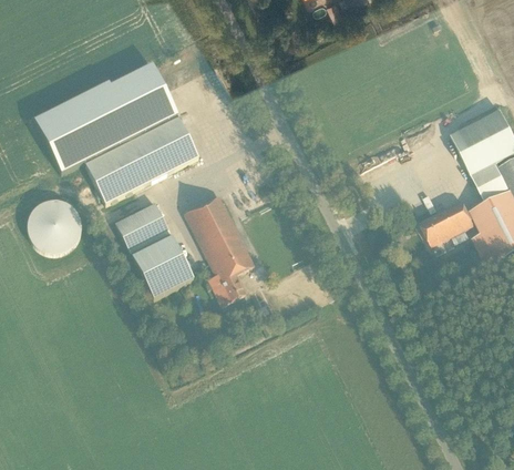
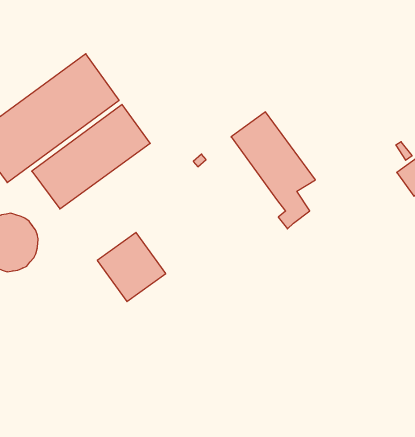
building: [184,195,255,306] -> [231,112,315,229]
building: [114,202,172,256] -> none

